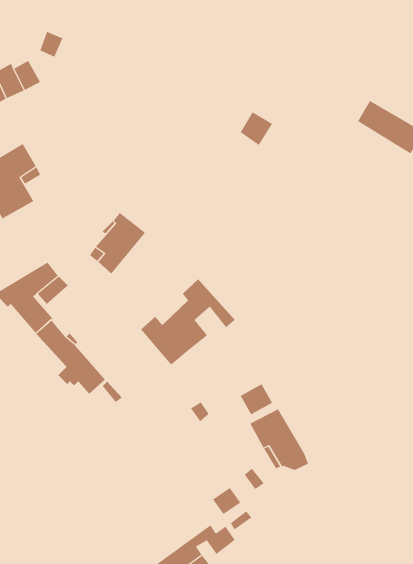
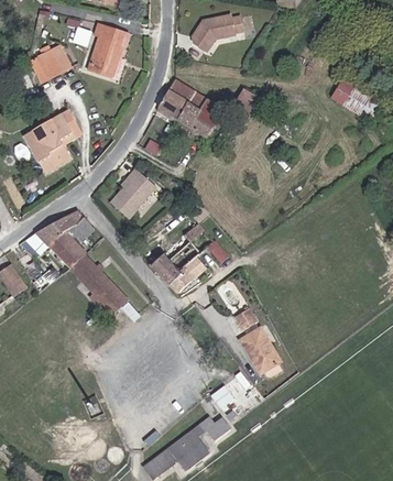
building: none -> [192,8,242,45]
building: none -> [86,29,123,78]
building: none -> [155,80,220,139]

